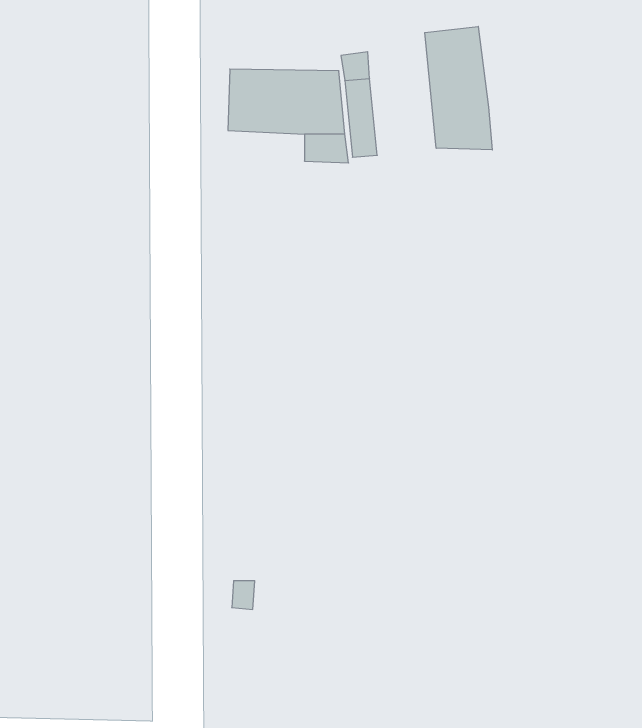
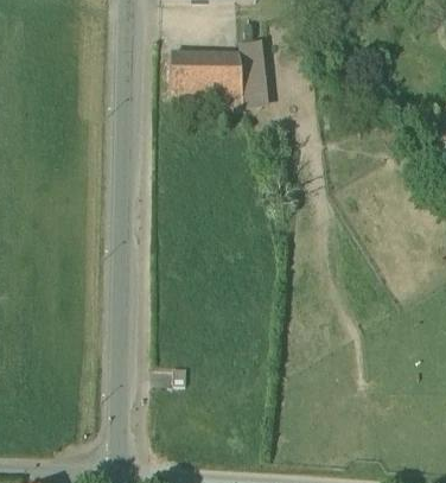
building: [425,26,492,150] -> none

